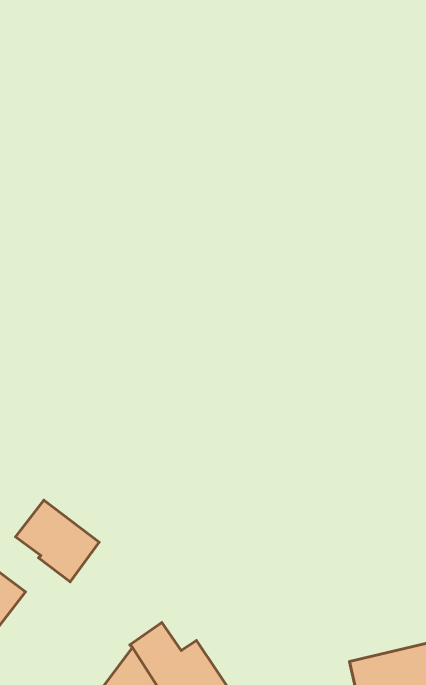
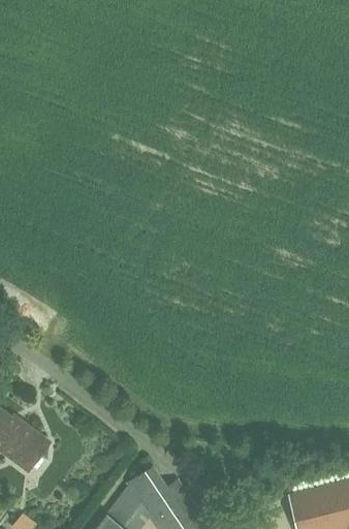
building: [15,500,99,582] -> none

